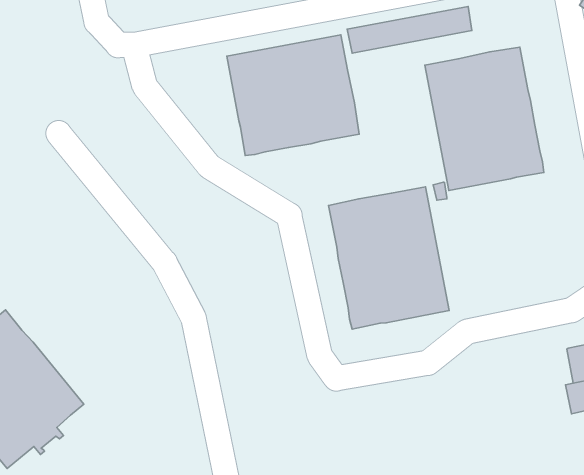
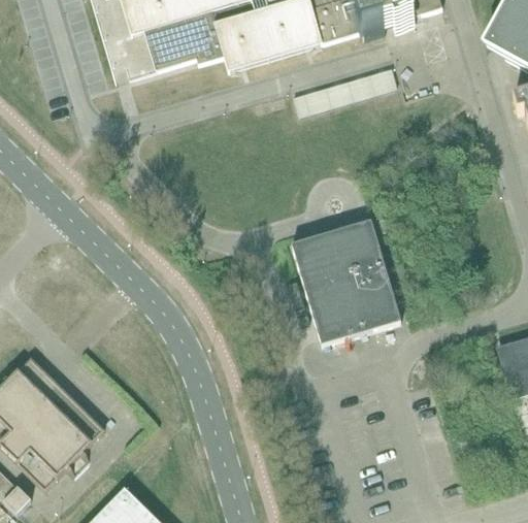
building: [227,35,359,156] -> none
building: [425,47,544,190] -> none

